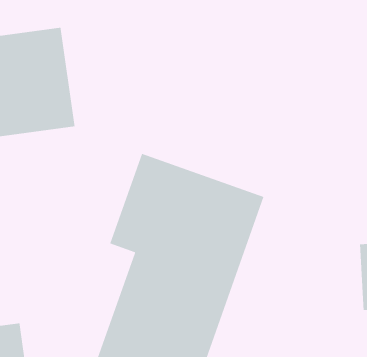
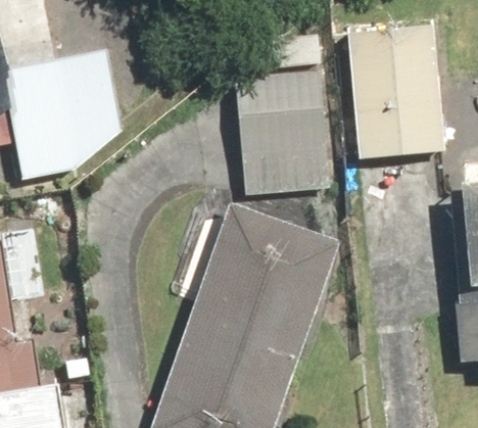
building: none -> [346,31,443,157]
building: none -> [229,35,328,192]

